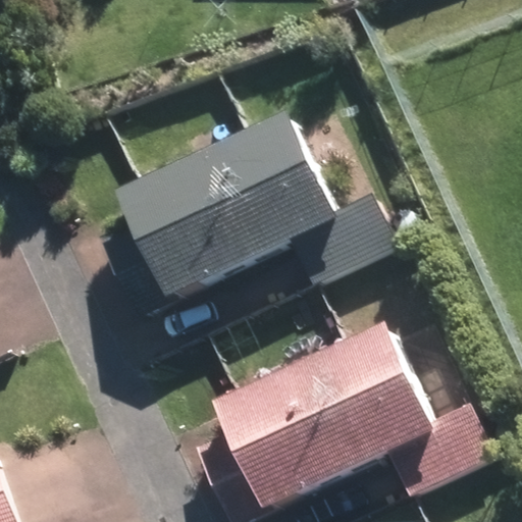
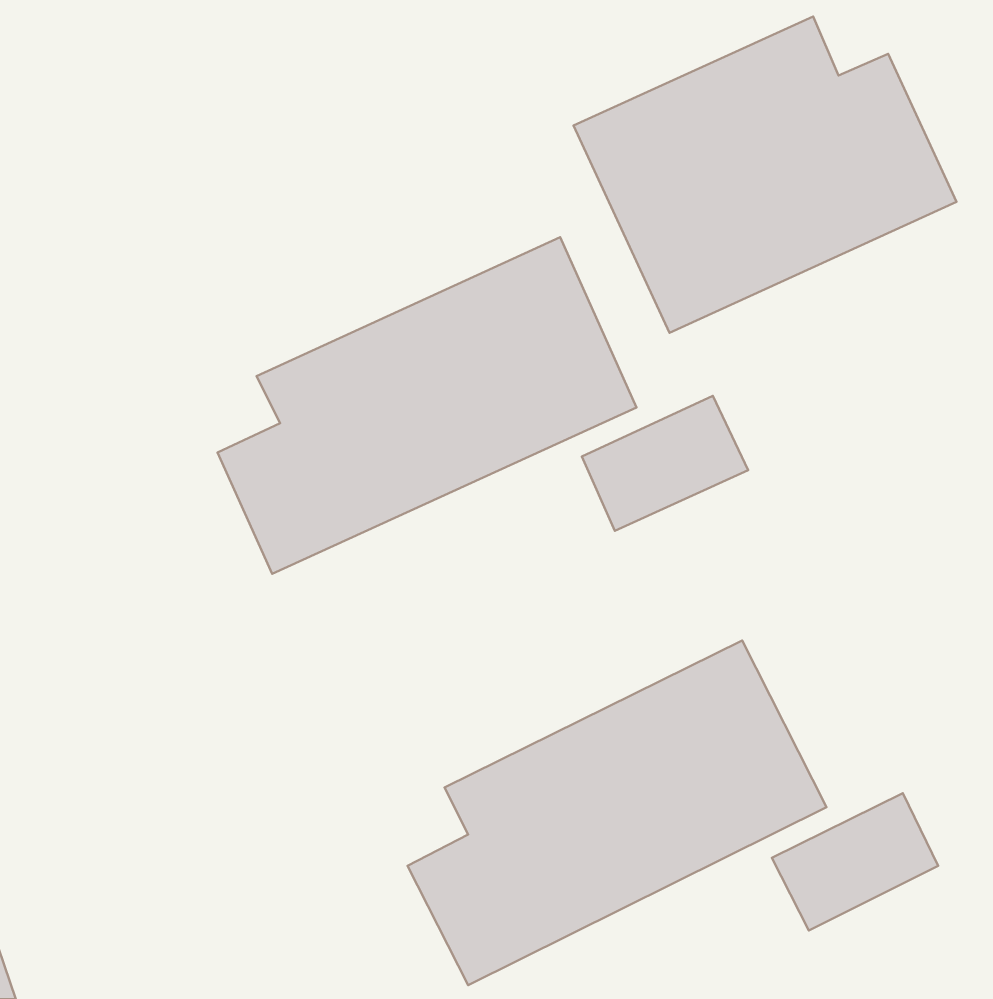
building: none -> [574,17,956,333]

